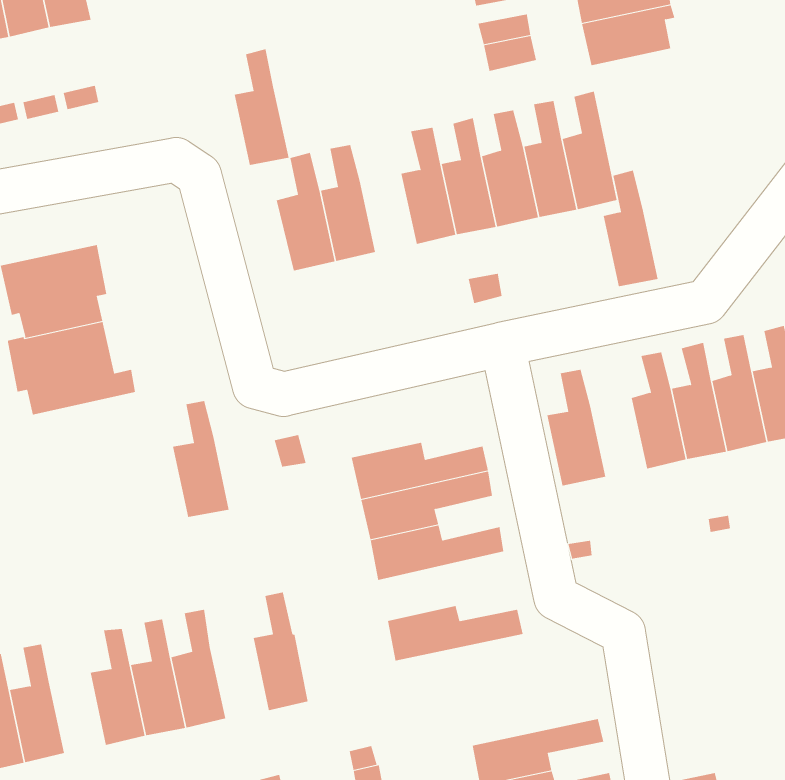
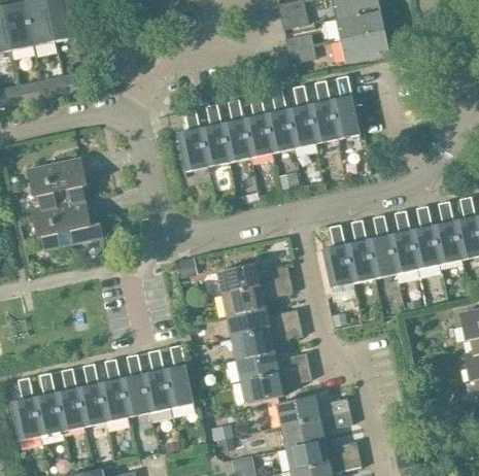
building: [234,49,289,166] -> [221,99,251,162]
building: [603,170,658,287] -> [345,219,375,282]
building: [172,400,230,518] -> [141,349,172,412]
building: none -> [231,322,302,360]
building: none -> [240,367,312,404]
building: none -> [55,368,84,431]
building: none -> [276,395,349,427]

